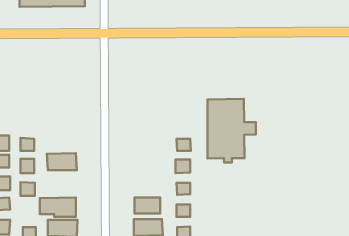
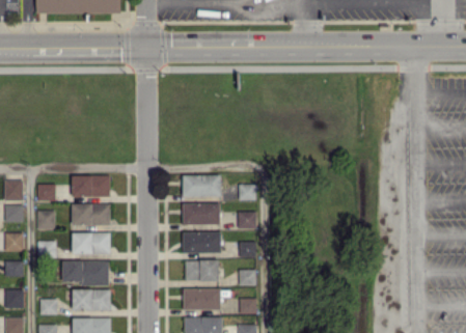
building: [207,99,256,163] -> none
building: none -> [72,175,110,197]
building: none -> [183,175,221,196]
building: none -> [183,203,220,225]
building: none -> [72,232,110,254]
building: none -> [183,232,221,253]

